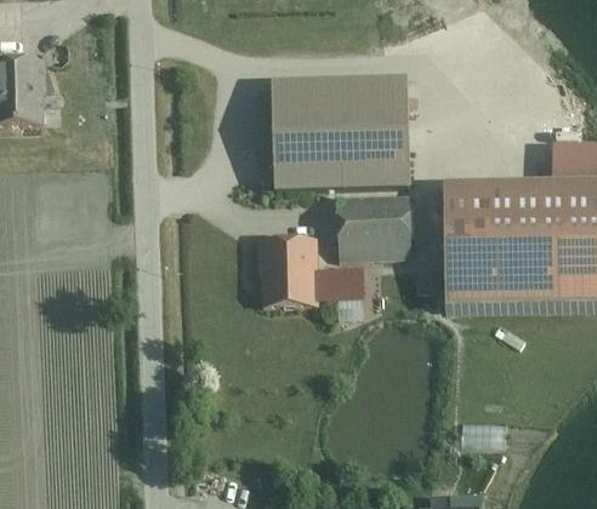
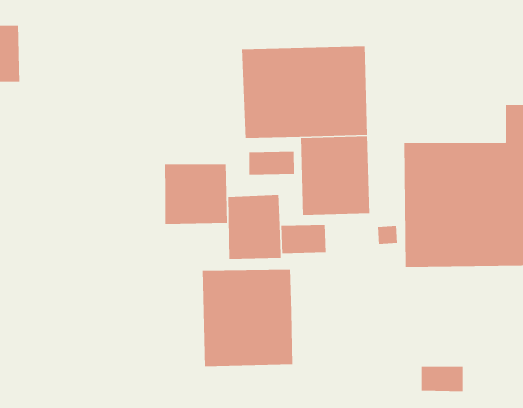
building: none -> [248,151,295,175]
building: none -> [164,163,228,225]
building: none -> [202,269,293,367]

